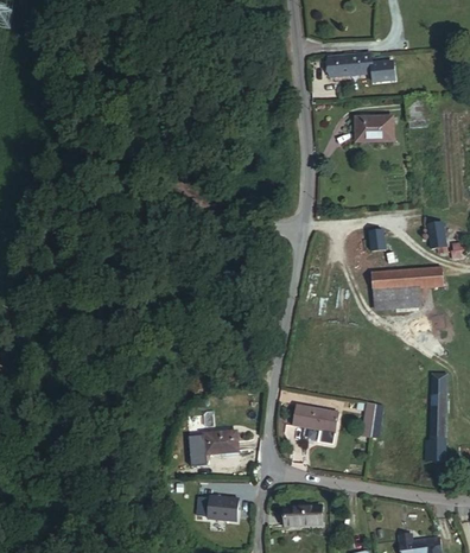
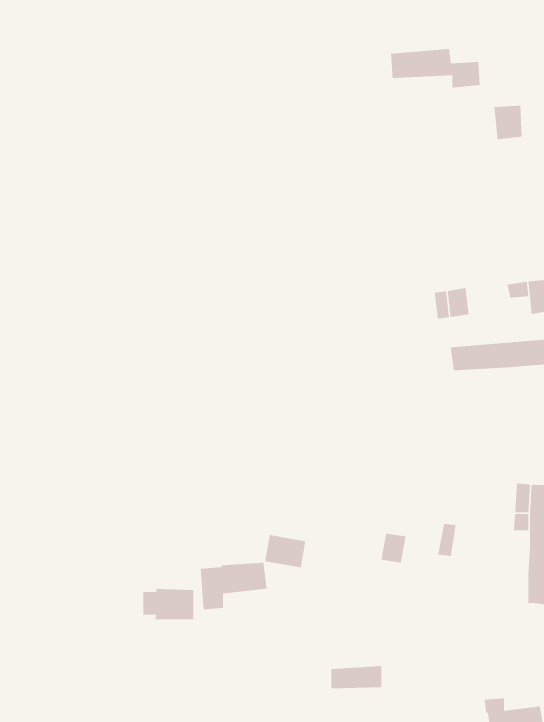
building: [355,116,393,140] -> none
building: [374,288,418,310] -> none
building: [293,405,324,430] -> [264,534,306,568]
building: [202,497,240,521] -> [143,588,194,620]

